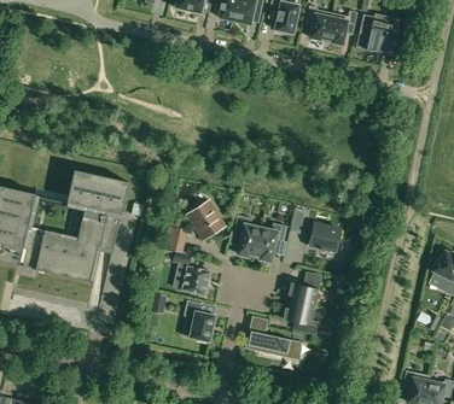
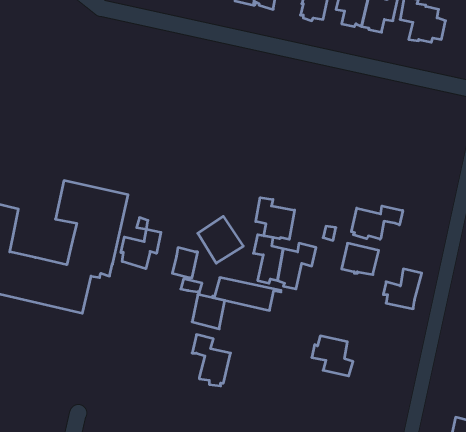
building: none -> [256,198,295,239]
building: none -> [351,206,403,239]
building: none -> [121,229,161,269]
building: [289,271,321,305] -> [383,269,422,309]
building: [245,330,303,358] -> [213,278,281,310]

